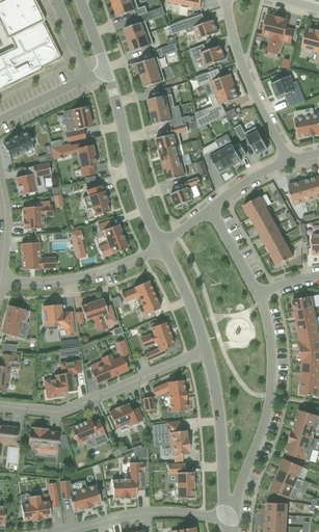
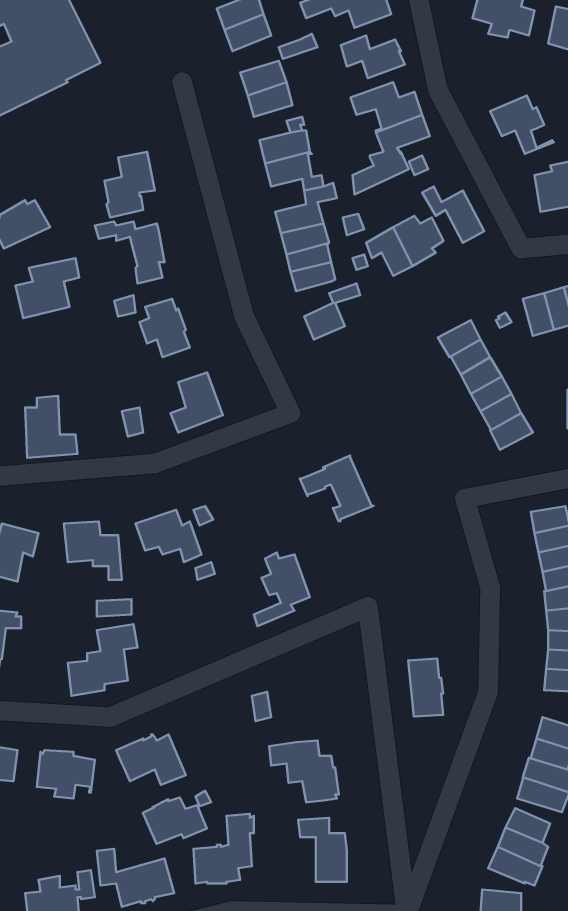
building: [22,201,45,229] -> none
building: [121,280,160,315] -> [300,455,373,521]
building: [89,347,129,382] -> none
building: [167,379,186,410] -> [408,659,443,717]
building: [108,402,142,427] -> [143,797,207,844]

